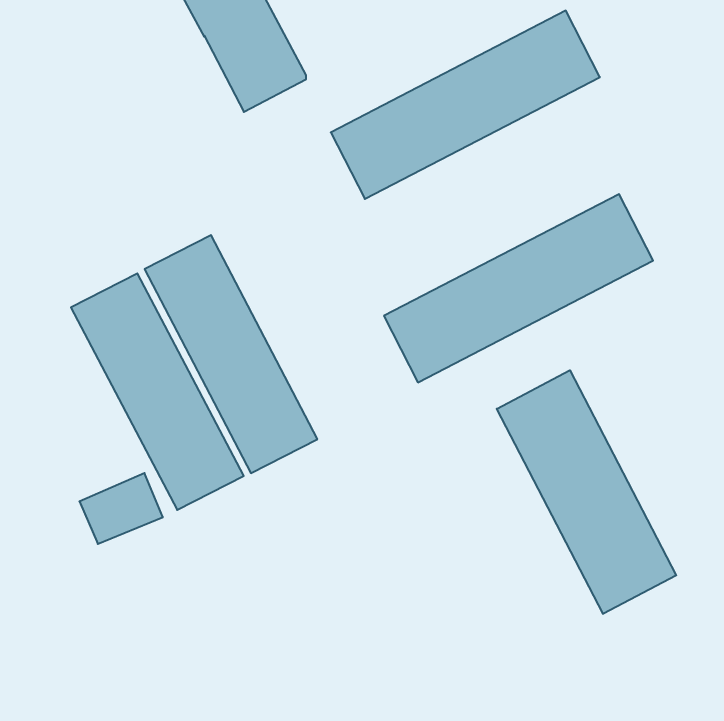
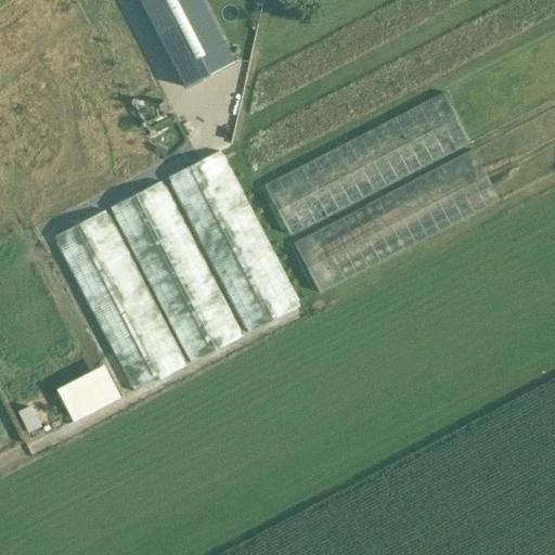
building: [331,11,600,199] -> [264,91,470,235]
building: none -> [169,150,300,332]
building: [497,370,676,614] -> none

